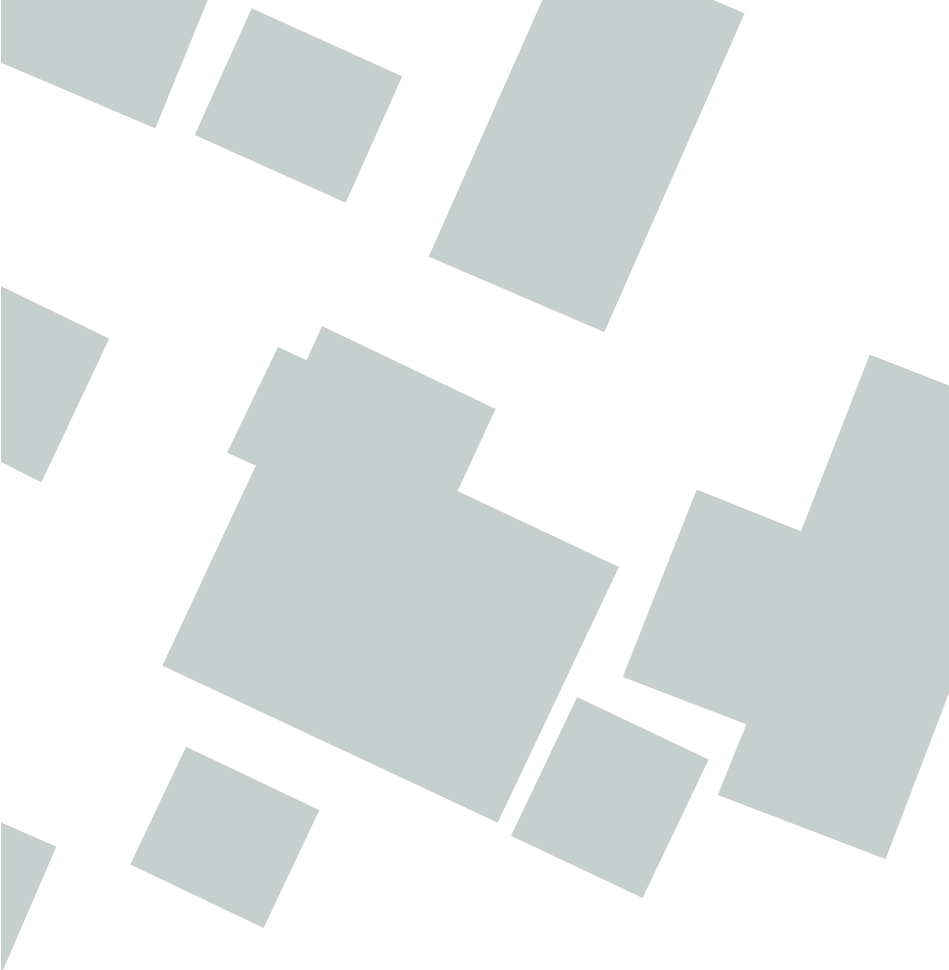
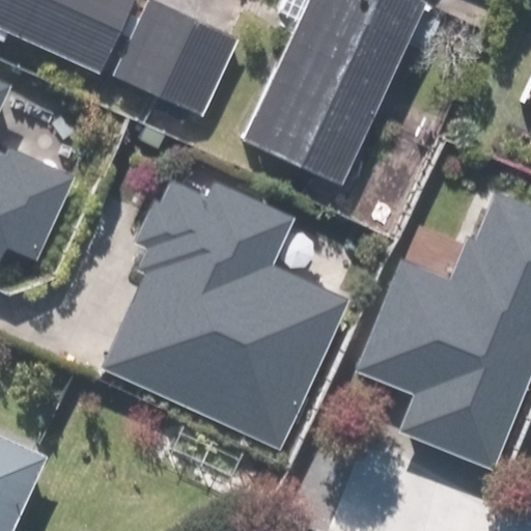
building: [510,696,710,899] -> none
building: [129,746,320,929] -> none

